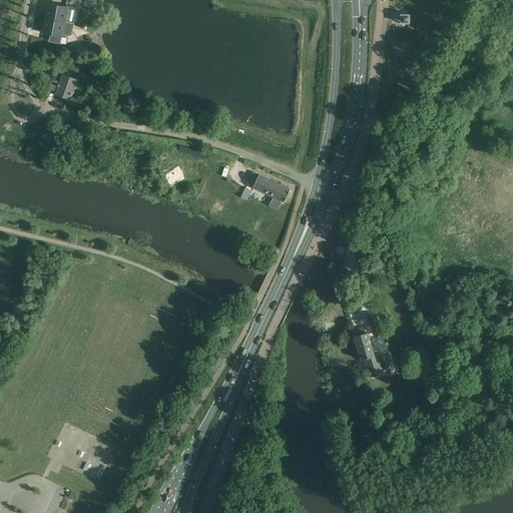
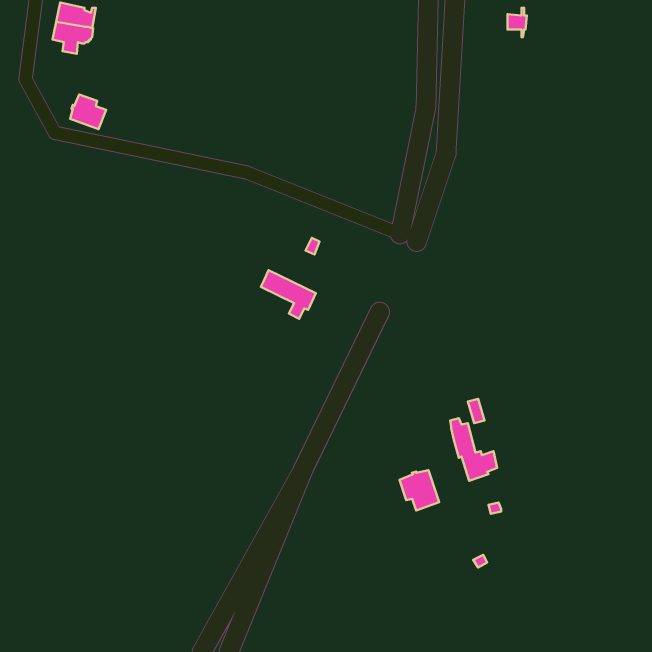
building: [246,170,290,208] -> [261,270,316,319]
building: none -> [399,470,439,510]

